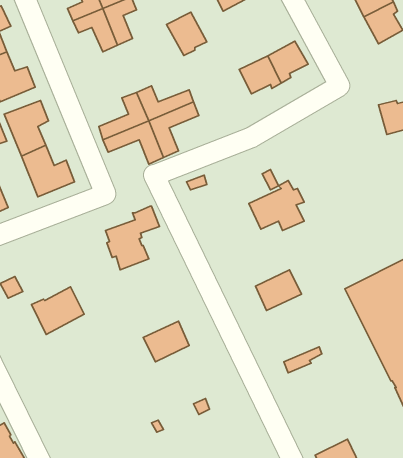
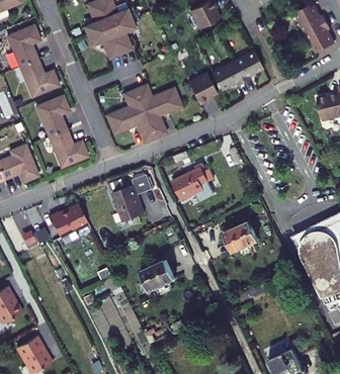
building: [166,12,207,55] -> [187,72,218,104]
building: [249,180,304,231] -> [172,163,214,200]
building: [31,287,84,334] -> [49,202,88,238]

